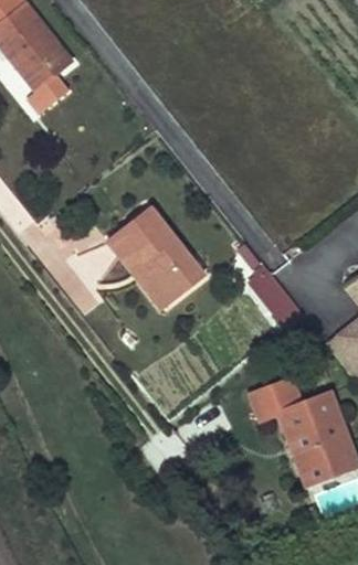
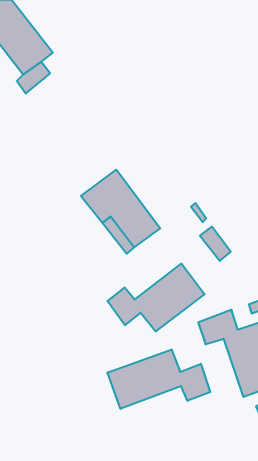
building: none -> [107,264,205,331]
building: none -> [107,349,210,409]

